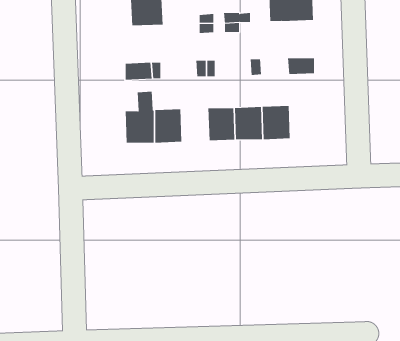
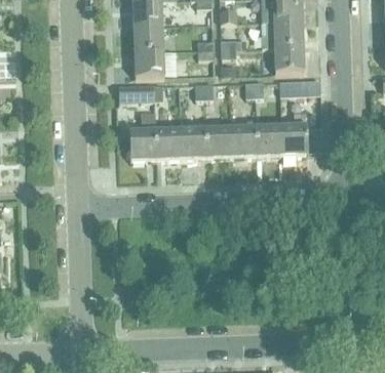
building: none -> [274,46,305,73]
building: none -> [134,50,165,78]
building: none -> [281,112,307,156]
building: none -> [181,127,206,159]

